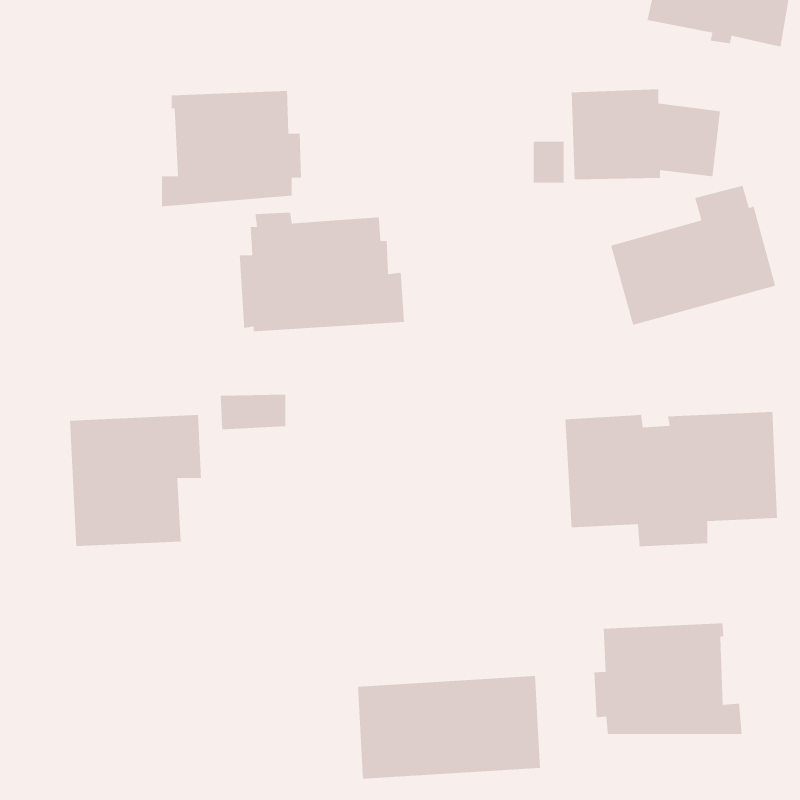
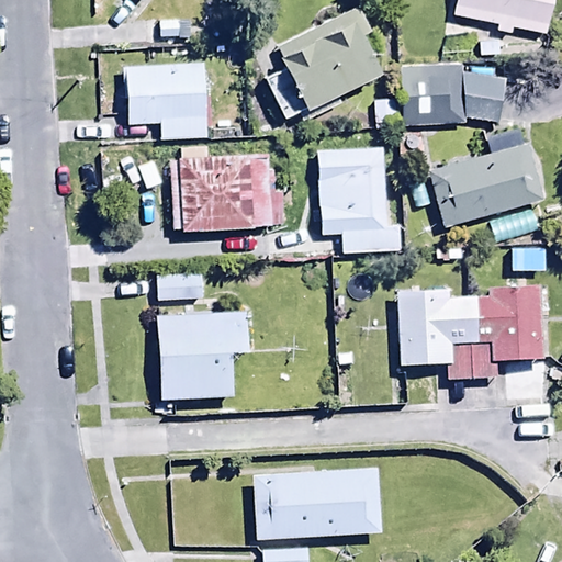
building: none -> [266,5,382,116]
building: none -> [318,145,402,251]
building: [69,414,202,547] -> [156,310,248,402]
building: [593,623,743,735] -> none

